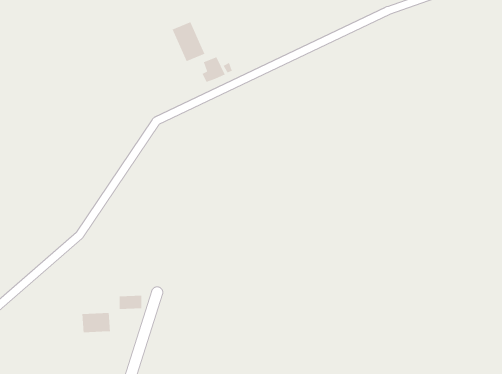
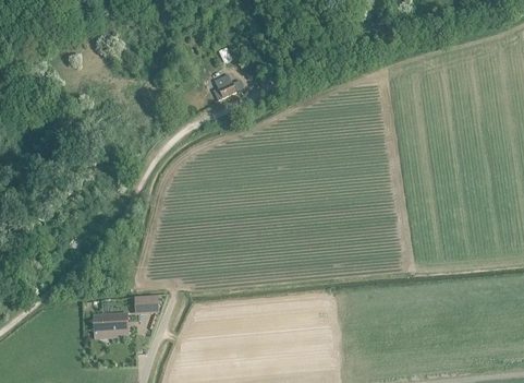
building: [171,21,206,62] -> none

